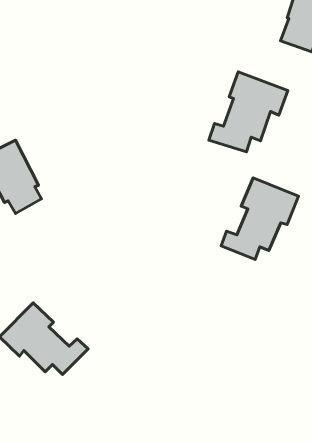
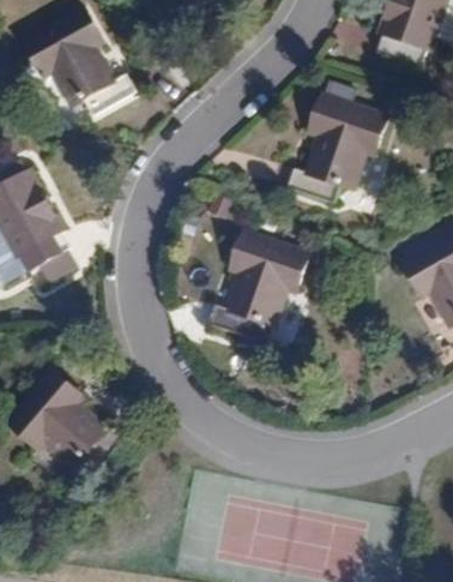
building: none -> [20,11,126,114]
building: [221,178,298,260] -> [200,242,301,349]

